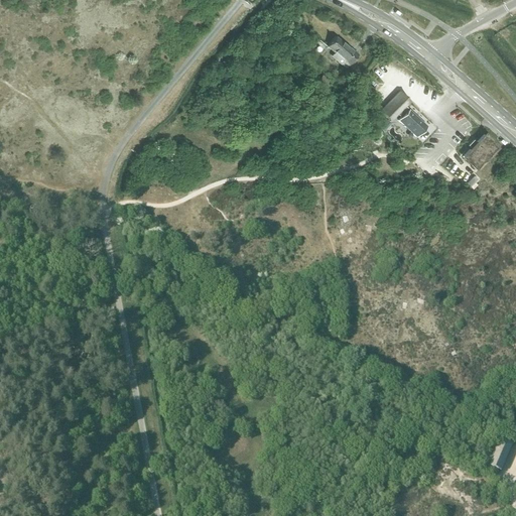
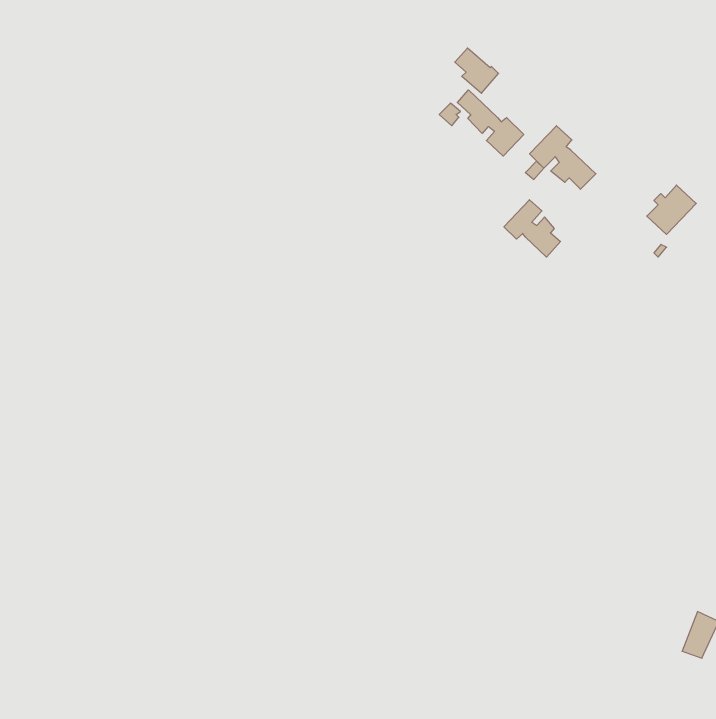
building: none -> [457,90,524,156]
building: none -> [504,200,560,257]

